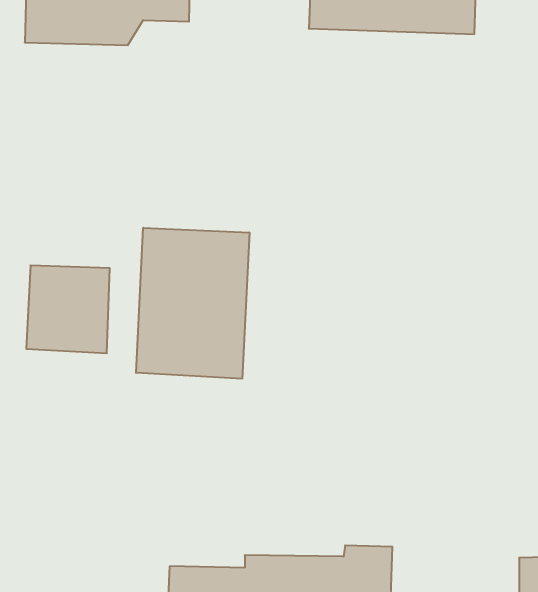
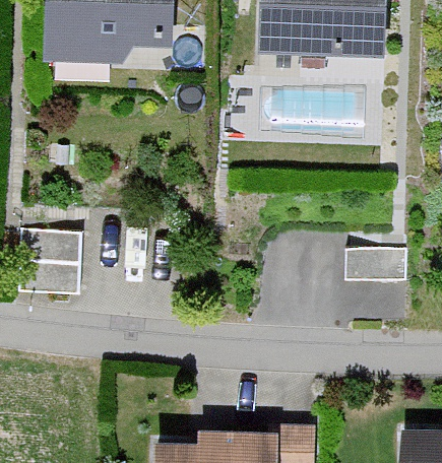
building: [136,228,249,379] -> none

